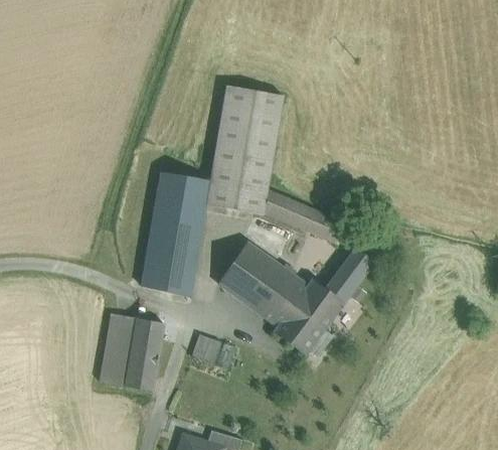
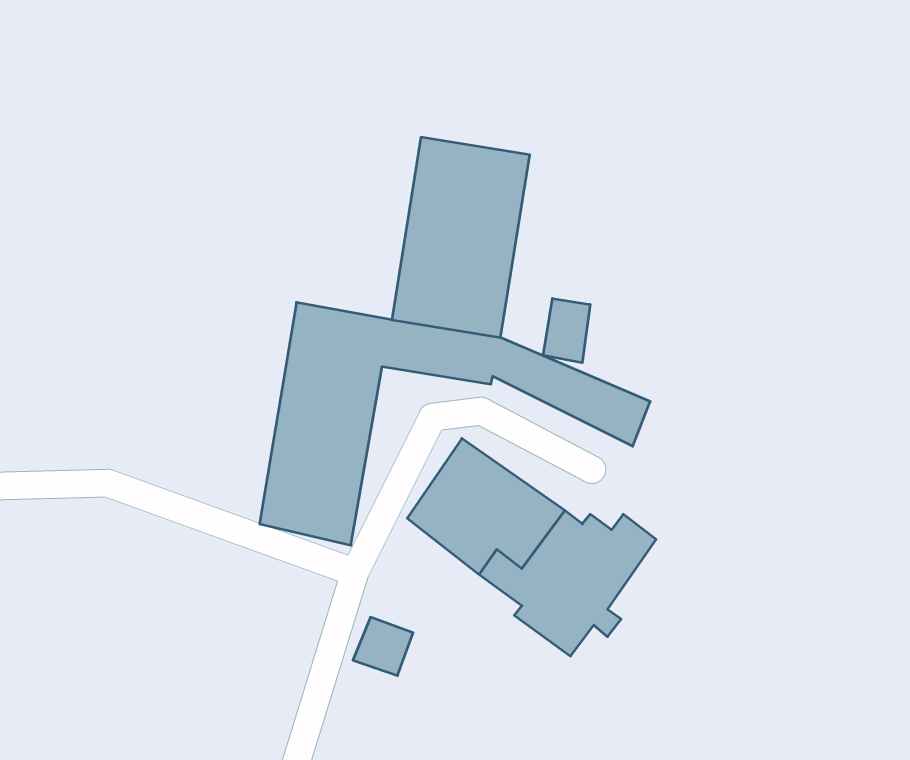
building: none -> [543,298,590,363]
building: [331,247,374,294] -> none
building: [100,314,166,392] -> none

